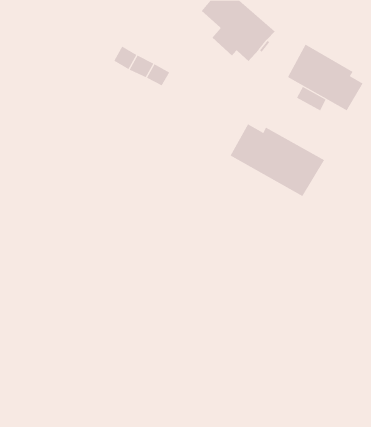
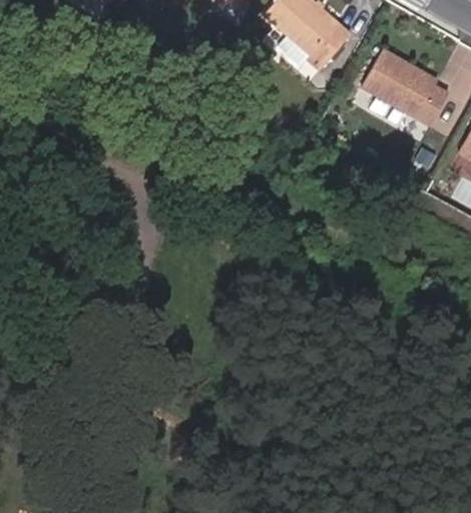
building: [230,124,325,197] -> none

